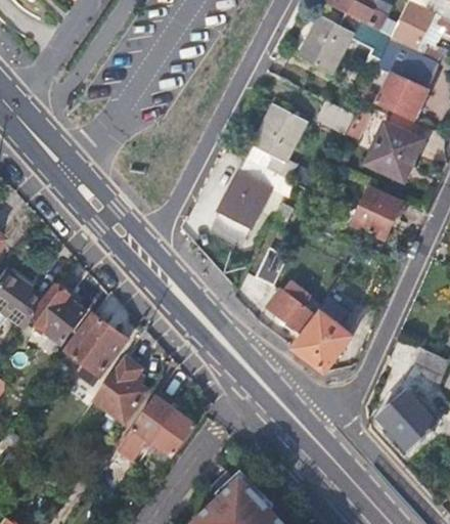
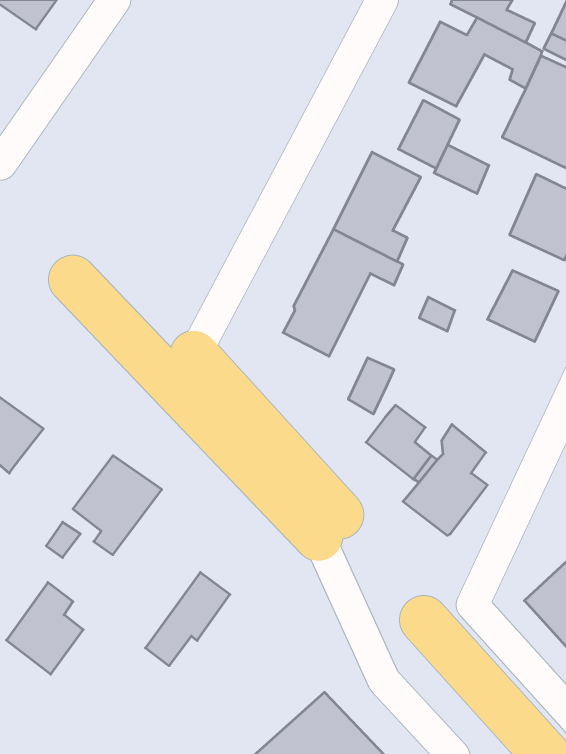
building: none -> [398,100,459,169]
building: [27,282,85,345] -> none
building: [92,359,145,423] -> [6,582,83,674]
building: [151,411,194,458] -> none

